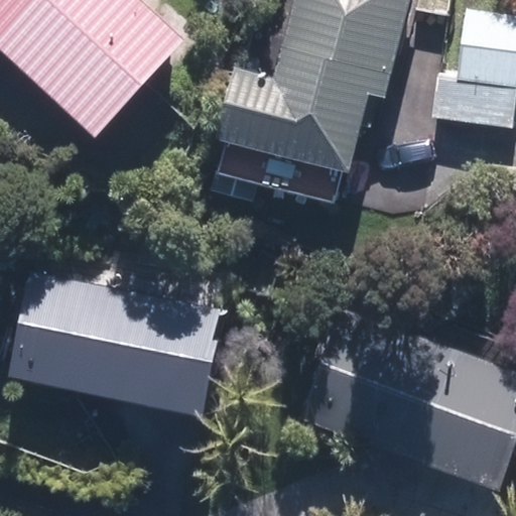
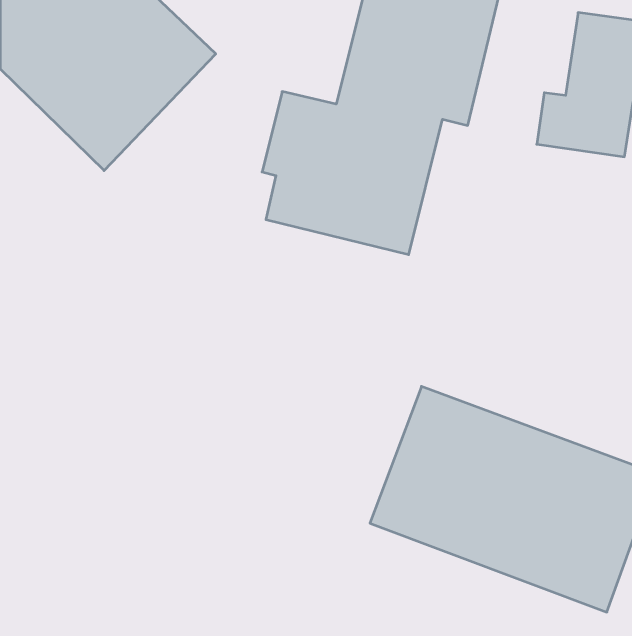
building: [12,272,220,419] -> none

